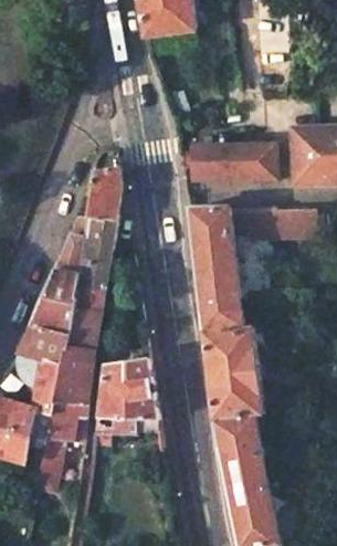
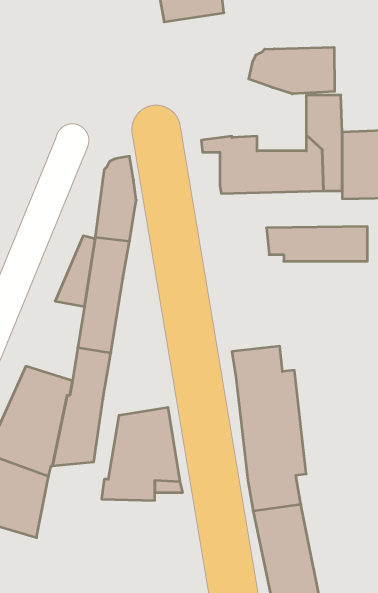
building: none -> [249,47,335,94]
building: [188,210,240,313] -> none
building: [29,271,77,337] -> none
building: [32,405,85,493] -> none

